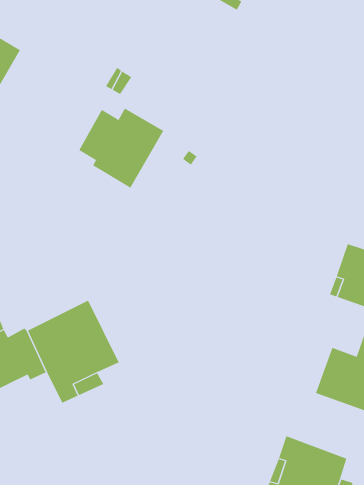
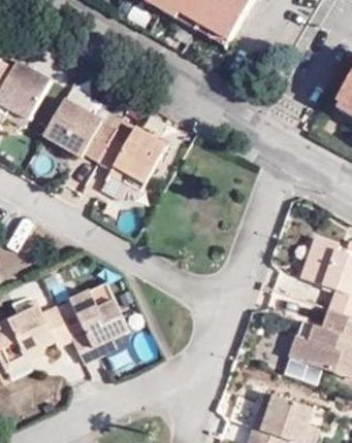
building: none -> [41,98,116,161]

